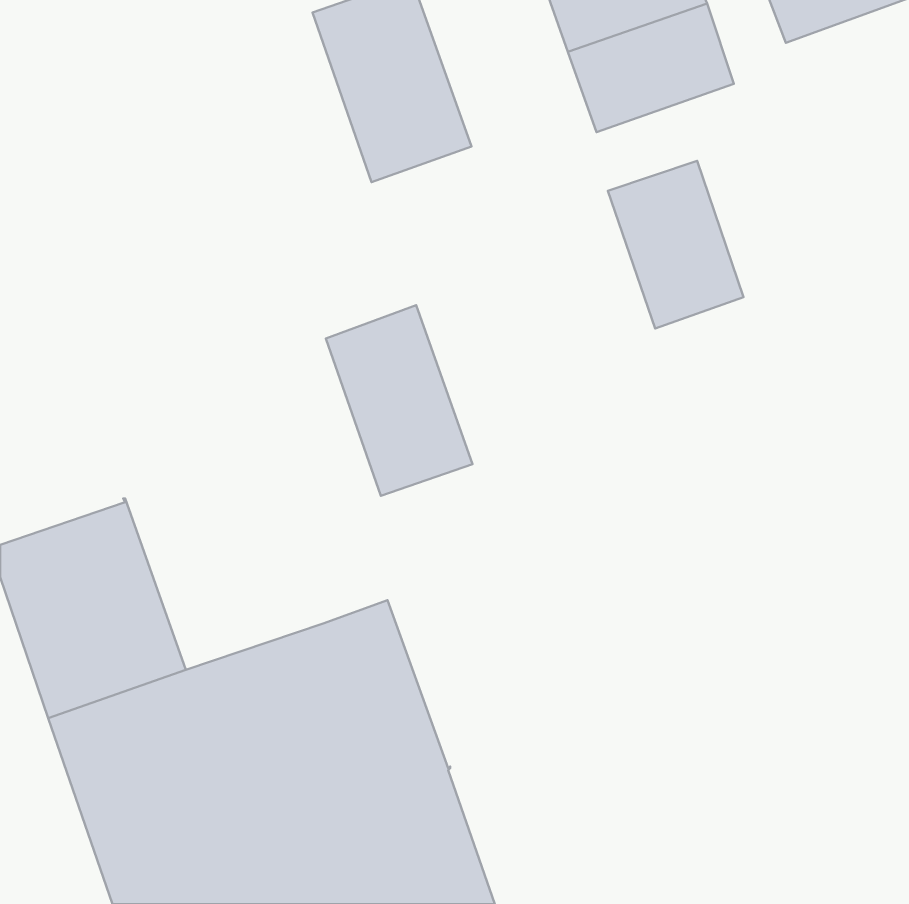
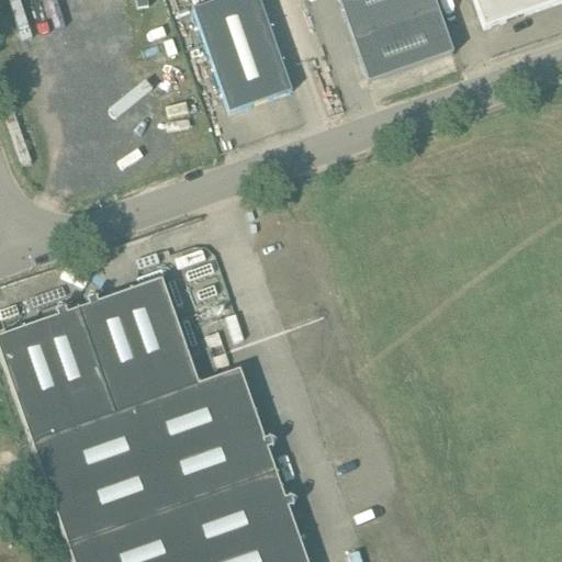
building: [608,161,744,329] -> none
building: [326,305,472,496] -> none
building: none -> [79,279,201,412]

